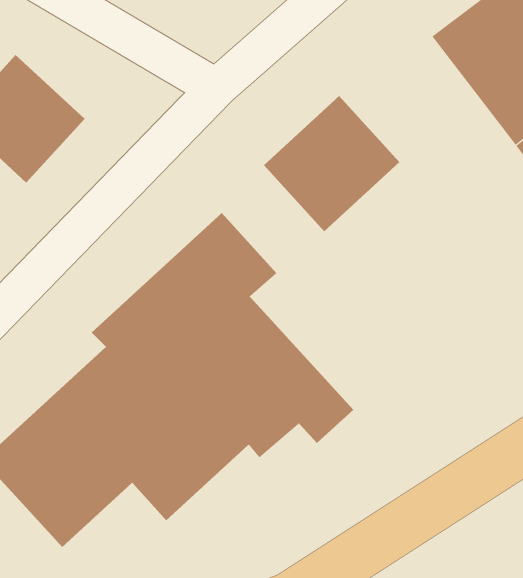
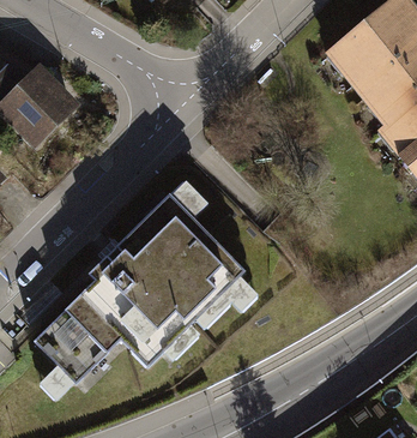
building: [263,95,400,232] -> none

